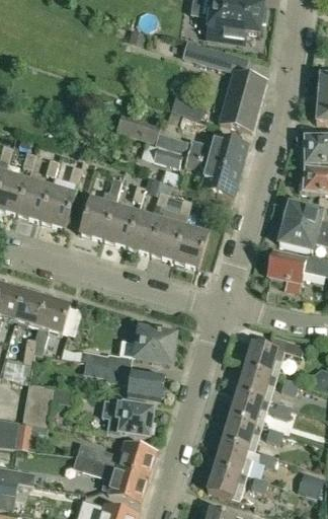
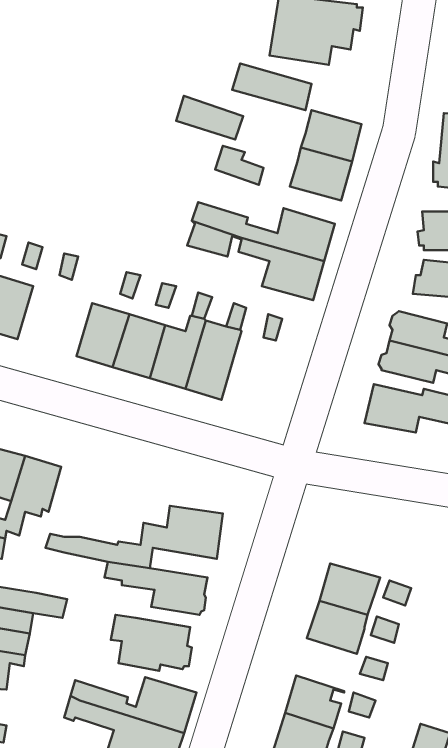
building: [116,115,160,143] -> [176,96,243,140]
building: [43,187,76,228] -> none
building: [175,226,210,268] -> none
building: [246,335,305,376] -> none
building: [224,416,263,450] -> none

